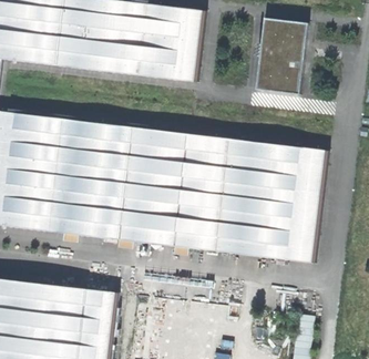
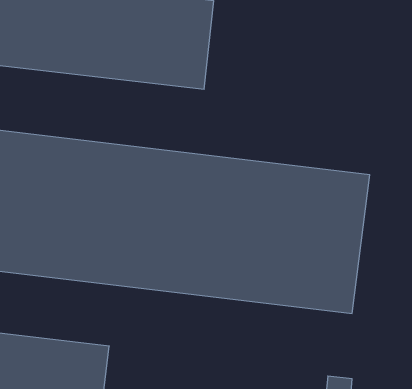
building: [258,17,308,93] -> none

